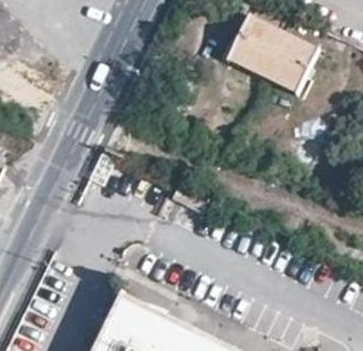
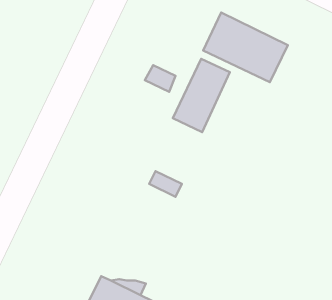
building: none -> [173,59,230,132]

